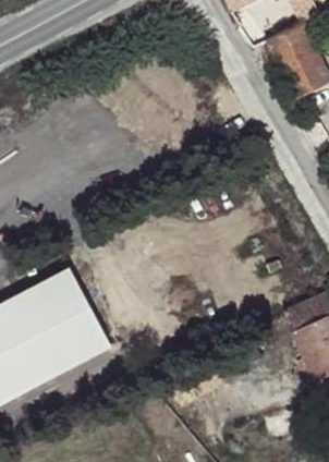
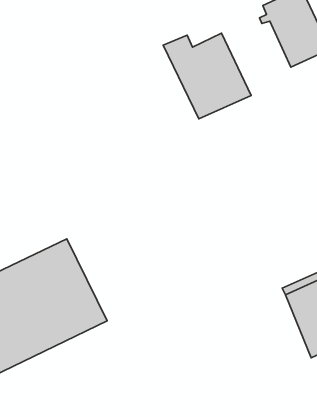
building: none -> [163,33,251,119]

